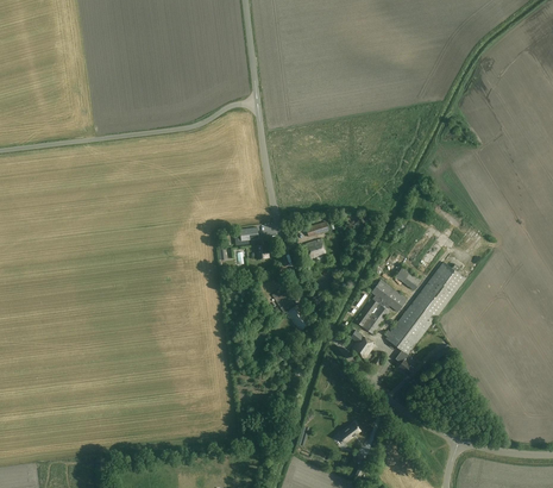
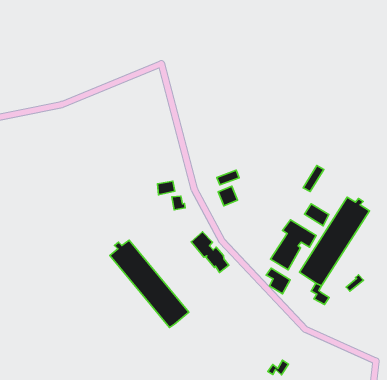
building: none -> [110,240,189,327]

